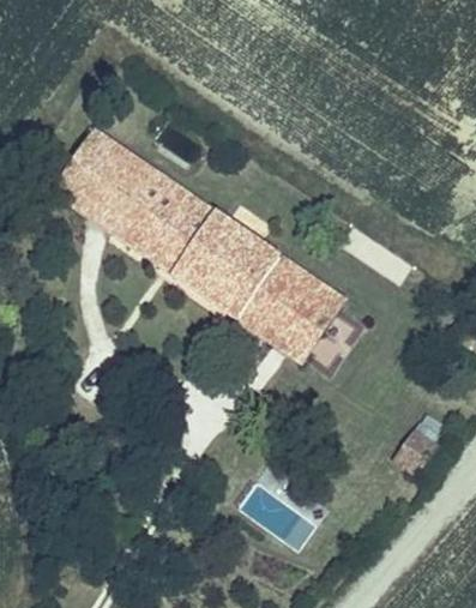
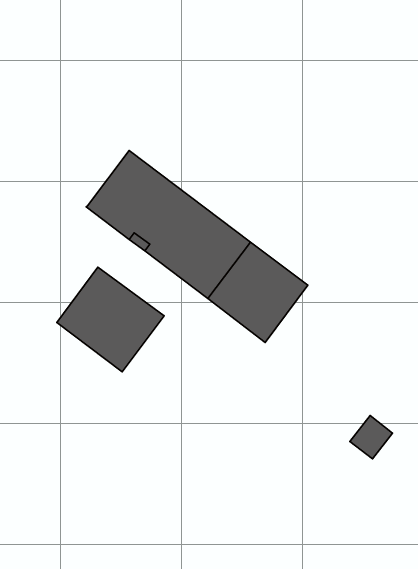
building: [55,131,153,229] -> none
building: none -> [57,267,164,372]

